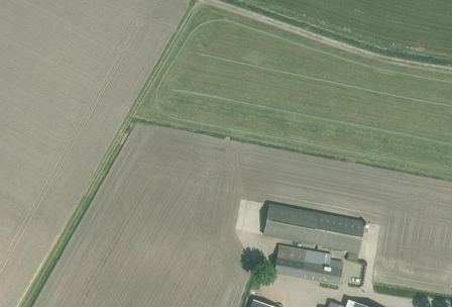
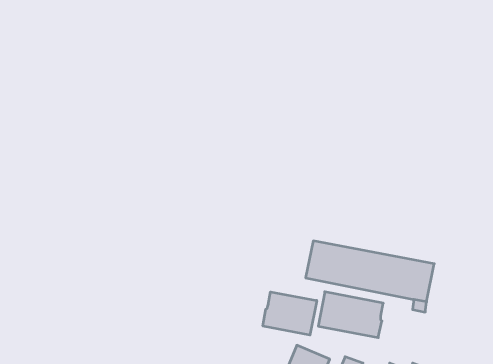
building: none -> [263,292,317,335]
building: [322,254,344,285] -> none

